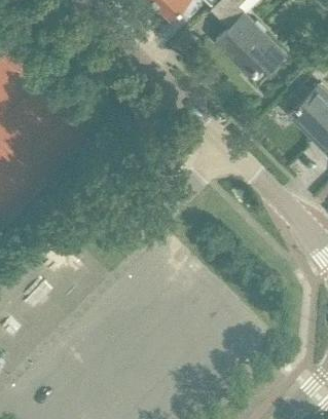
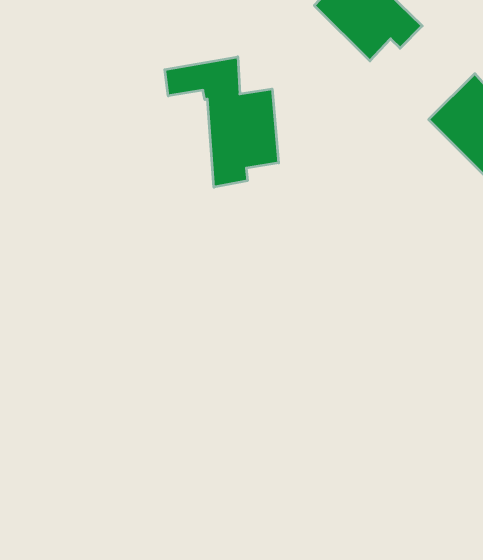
building: none -> [165,57,279,187]

